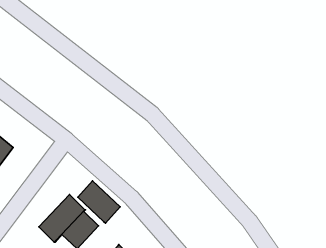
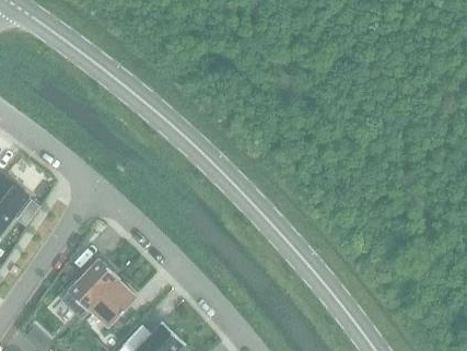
building: [78,181,120,223] -> none

